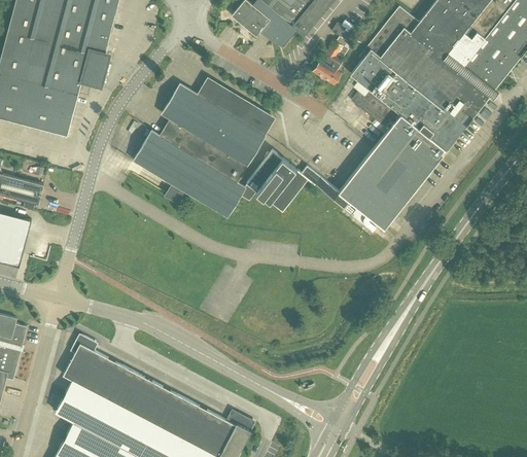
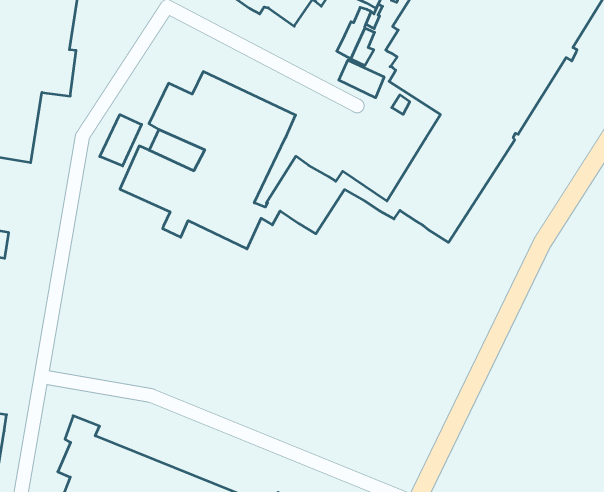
building: none -> [339,60,384,98]
building: none -> [100,115,142,166]

